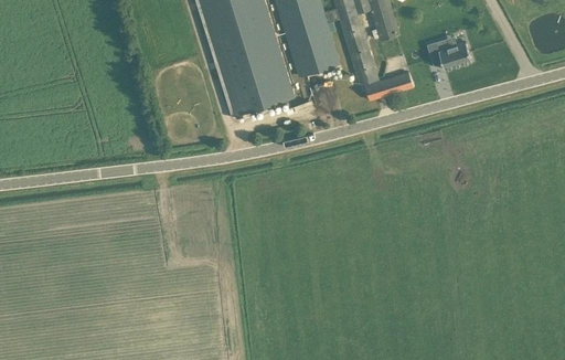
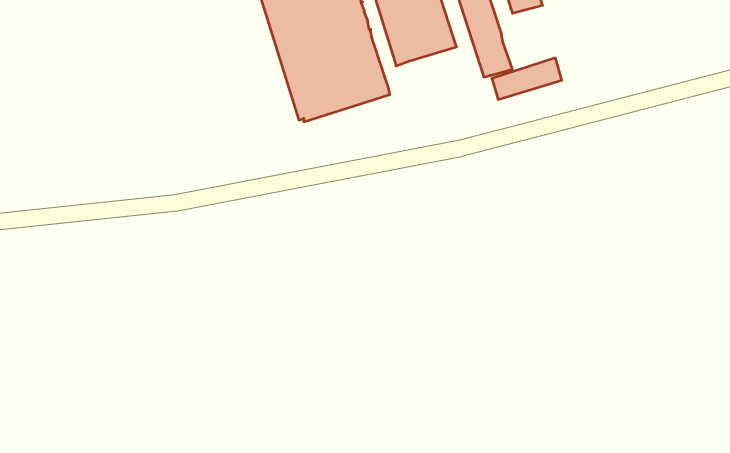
building: [426,40,471,68] -> none

